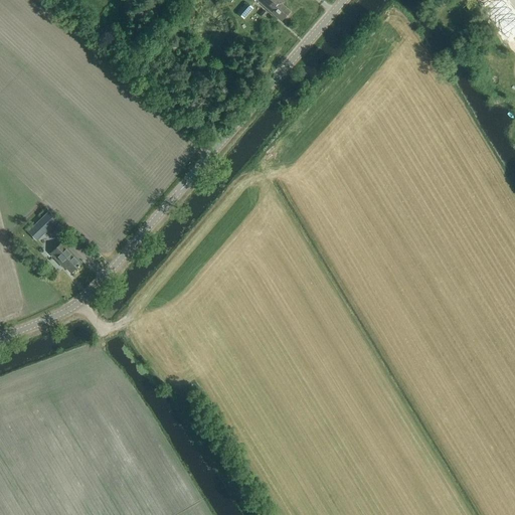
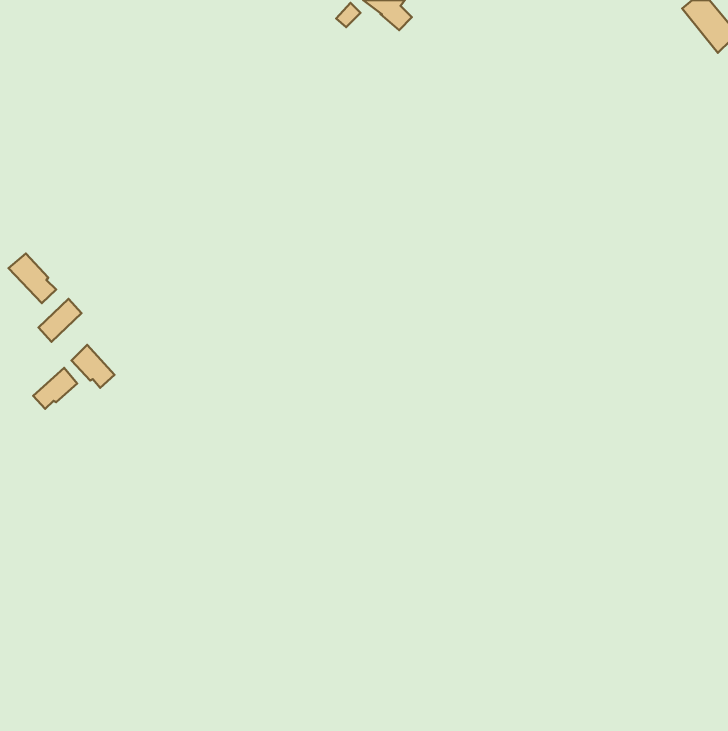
building: none -> [9,254,56,303]
building: none -> [33,368,77,409]

